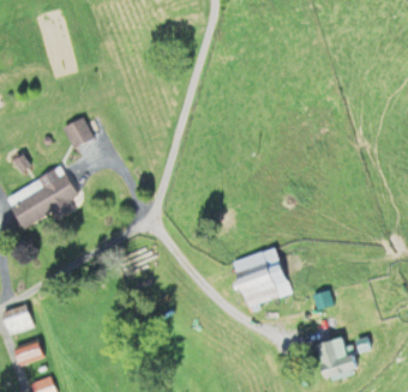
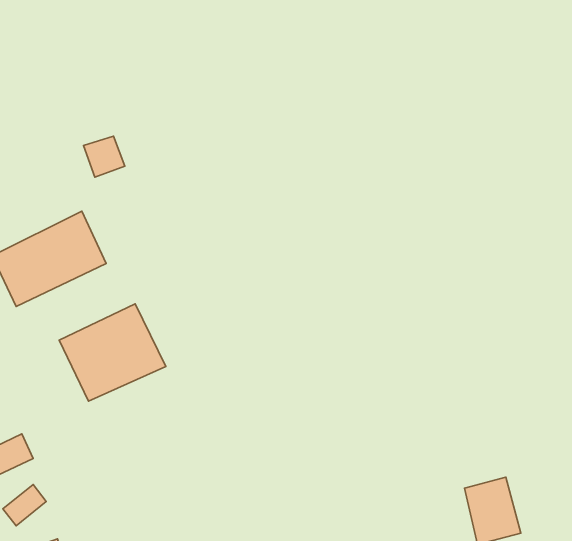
building: none -> [59,304,166,401]
building: [230,249,287,307] -> none

